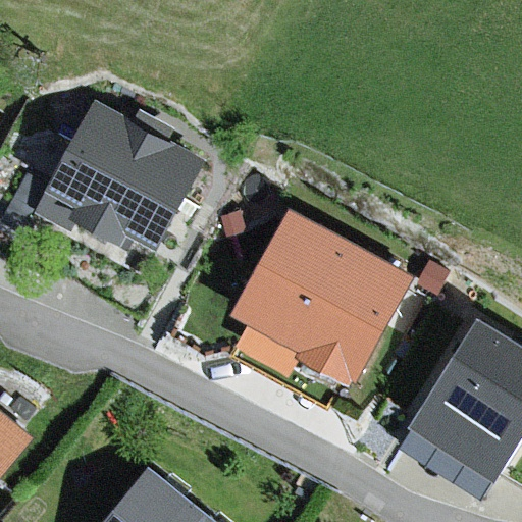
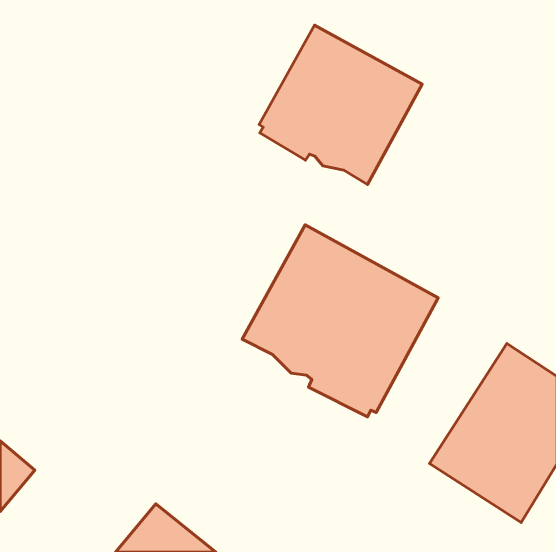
building: none -> [259,25,422,184]
building: [43,100,205,255] -> none

